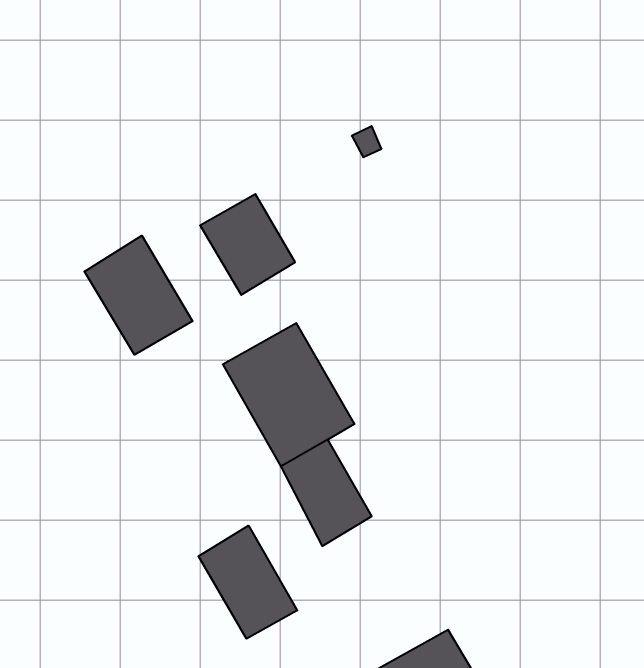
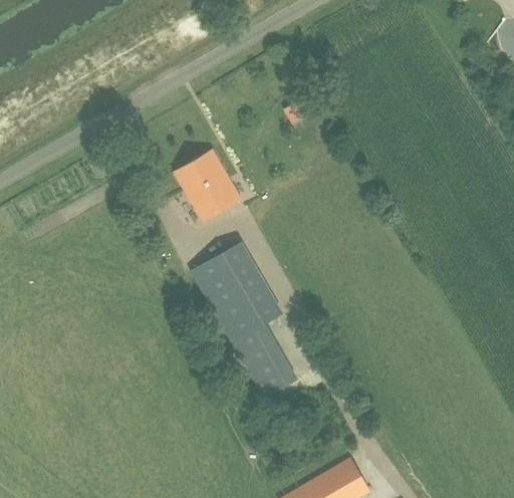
building: [84,236,193,355] -> none
building: [199,526,297,639] -> none

